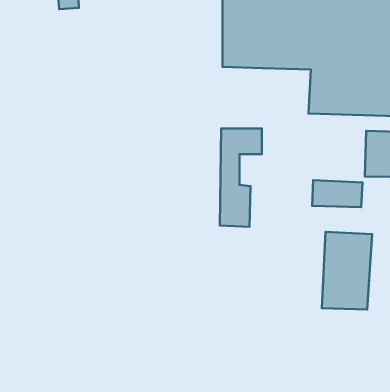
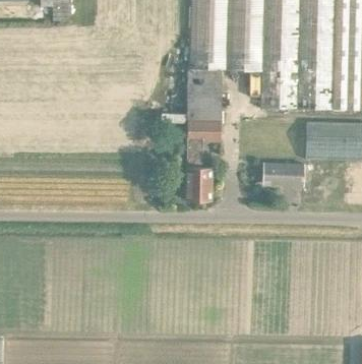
building: none -> [188,68,223,119]
building: [322,232,372,310] -> none

